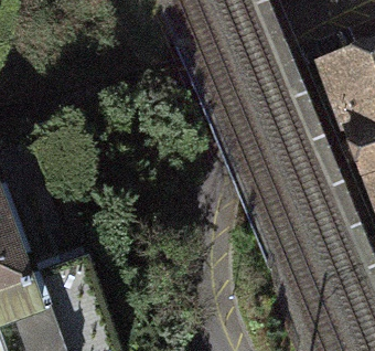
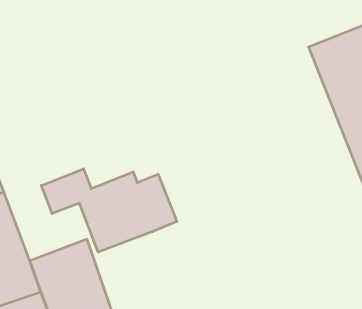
building: none -> [41,169,177,252]

